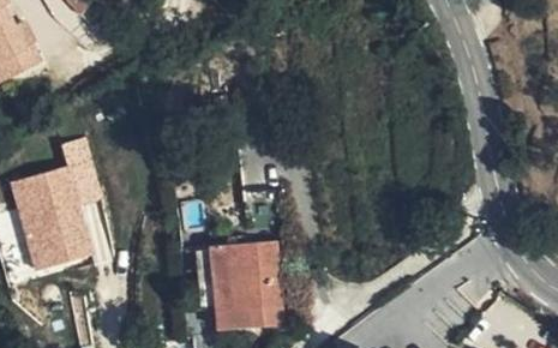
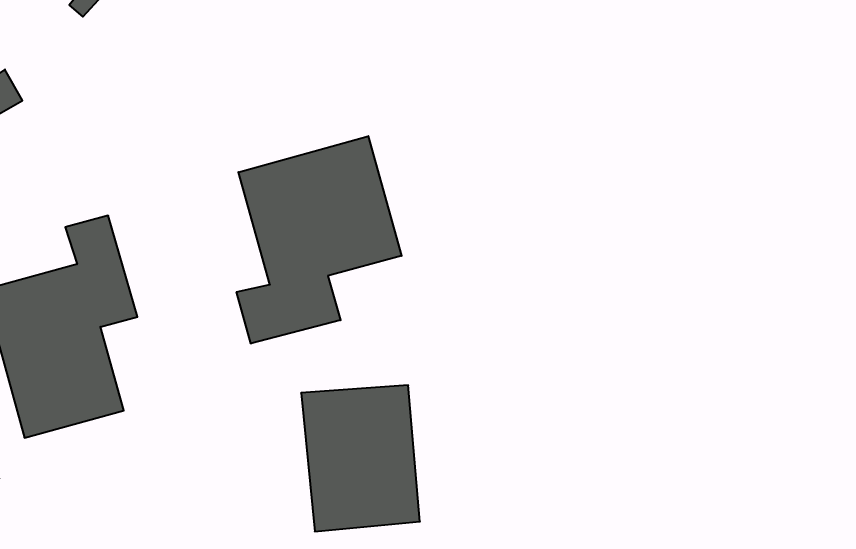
building: none -> [237,136,402,344]

